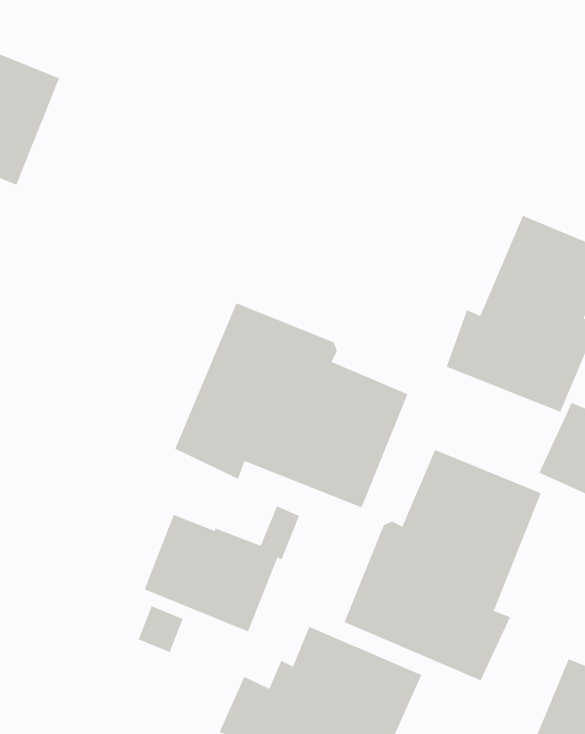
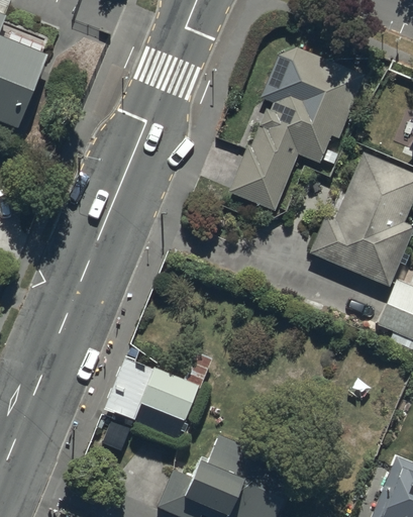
building: none -> [229,47,366,211]
building: [174,303,408,508] -> none
building: [344,449,542,681] -> none

